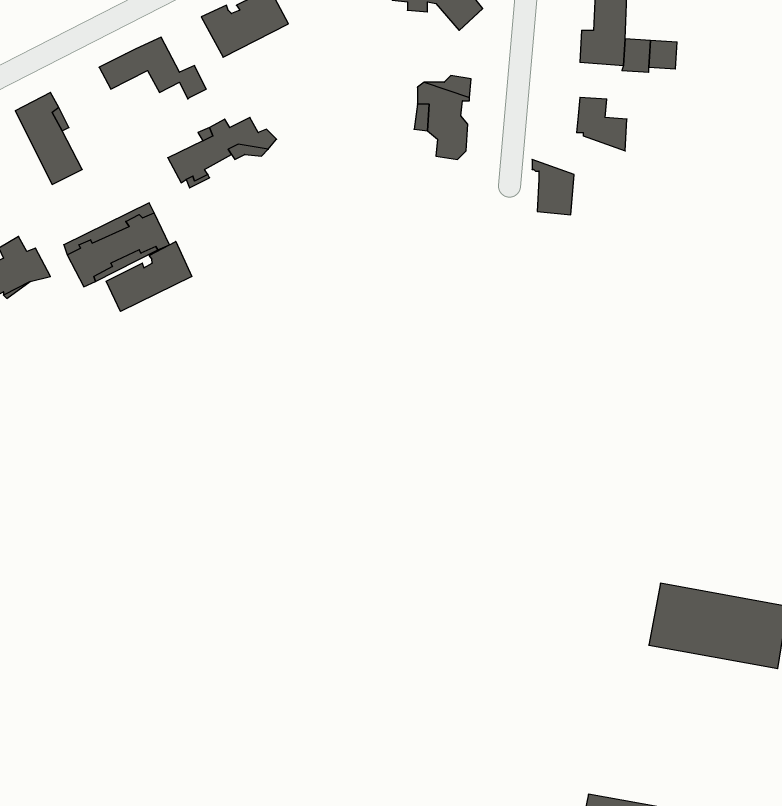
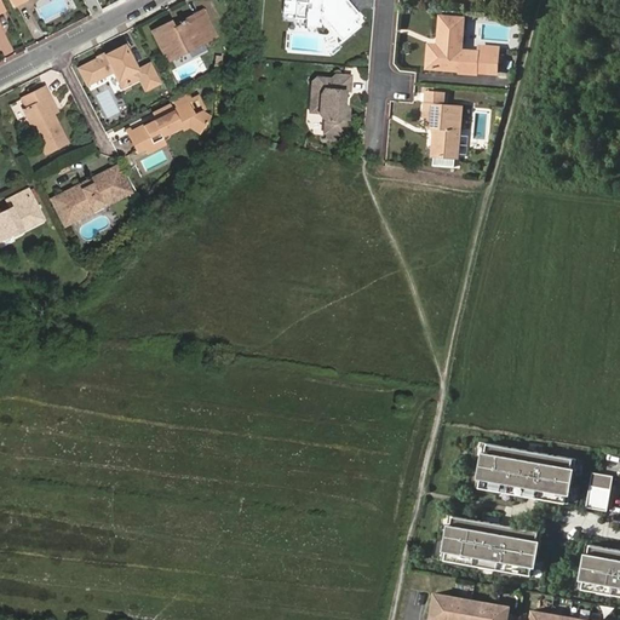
building: [532,159,574,215] -> [429,117,459,157]
building: [106,241,192,311] -> none
building: none -> [442,513,544,575]

